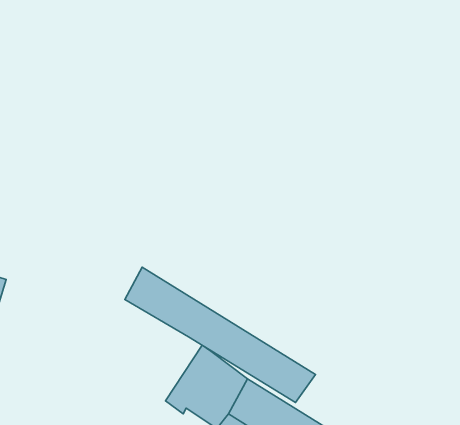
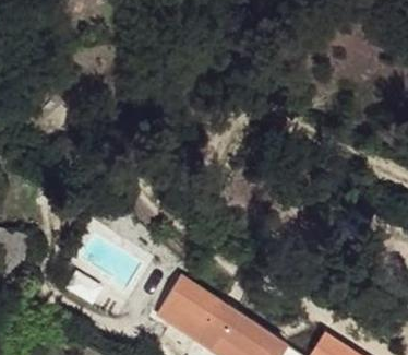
building: [125,267,315,403] -> none

